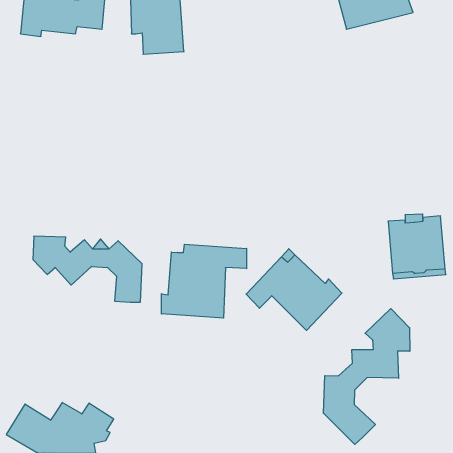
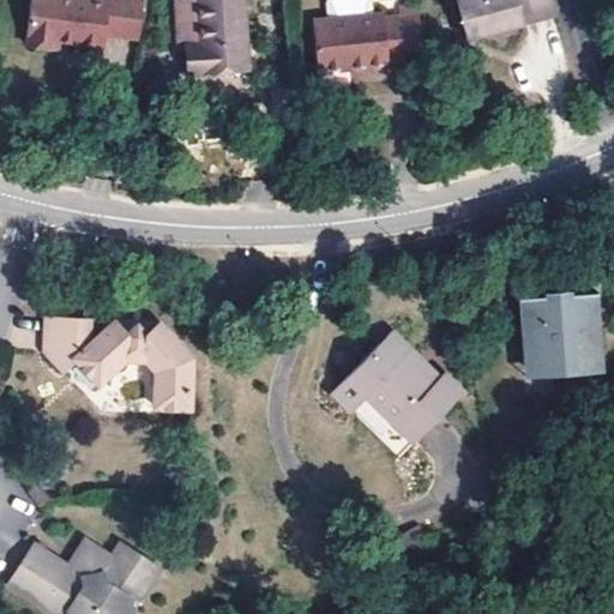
building: none -> [312,7,422,73]
building: [161,244,247,318] -> none
building: [323,309,410,444] -> none

